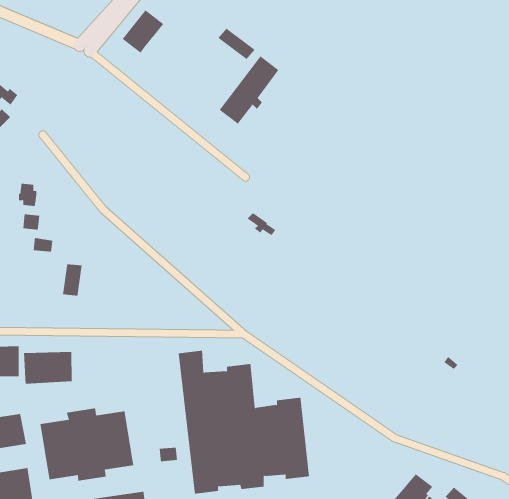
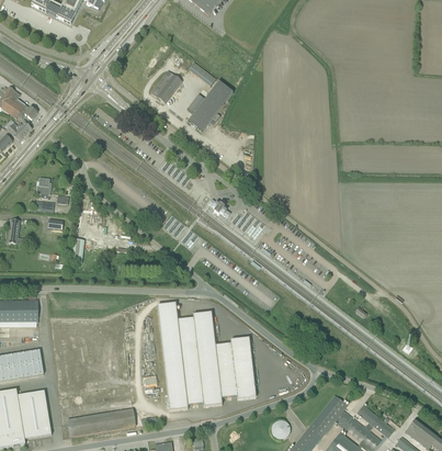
building: [122,10,164,54] -> [150,69,182,102]
building: [24,351,72,384] -> none
building: [40,408,134,482] -> none

